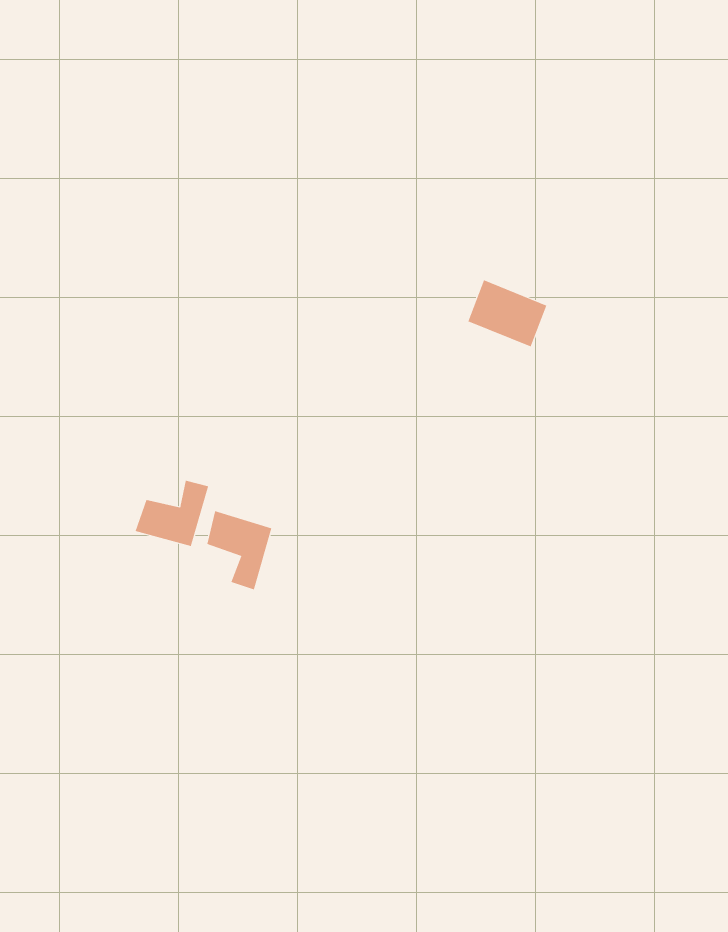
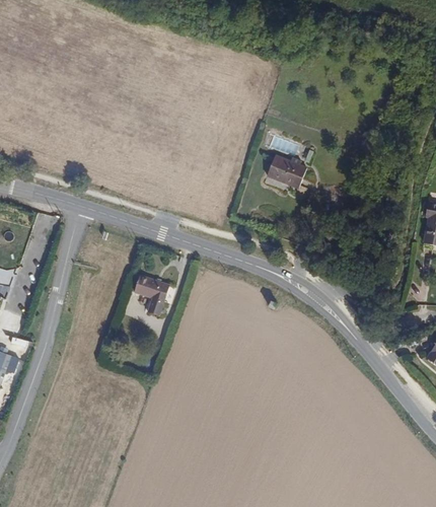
building: [135,480,209,547] -> none

